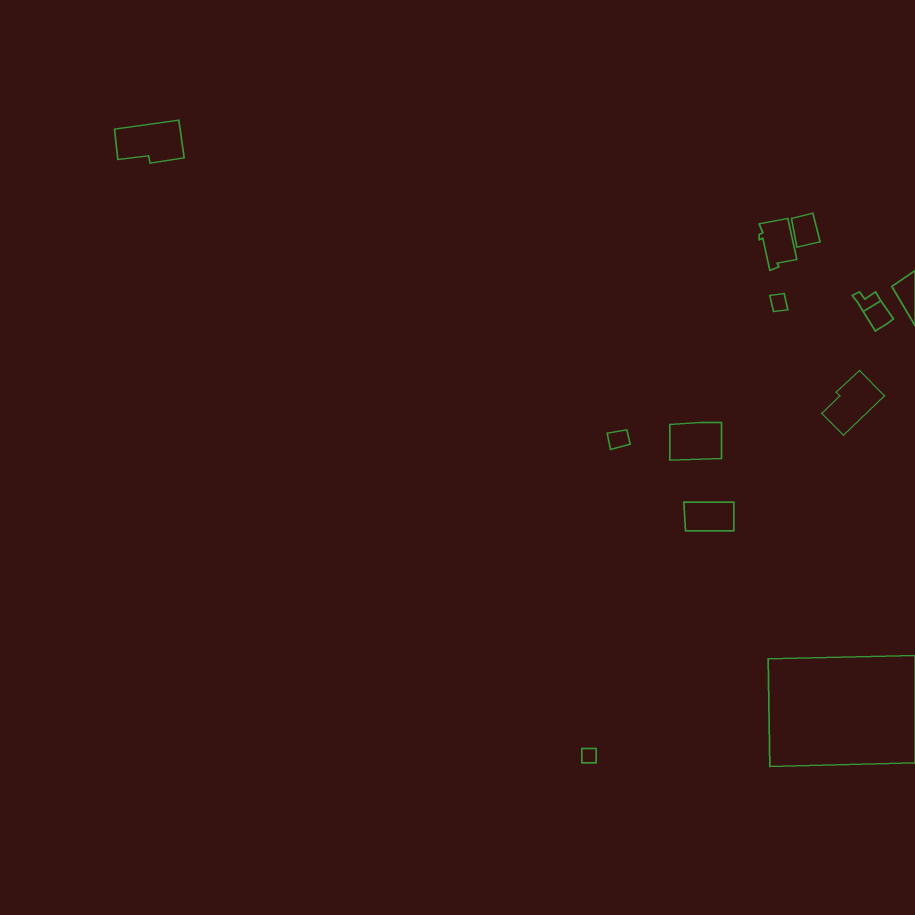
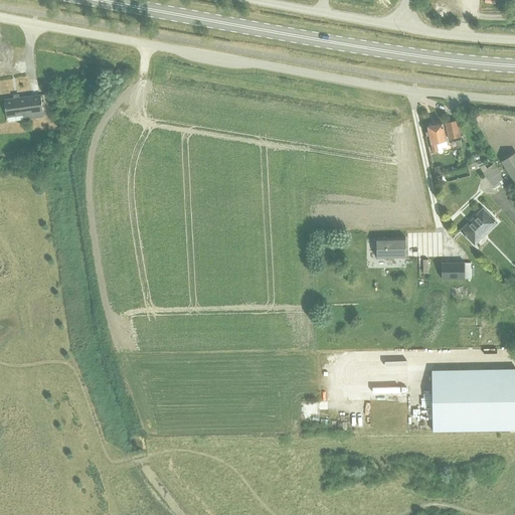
building: [114,120,184,163] -> [4,95,43,119]
building: [684,502,734,531] -> [441,263,469,279]

